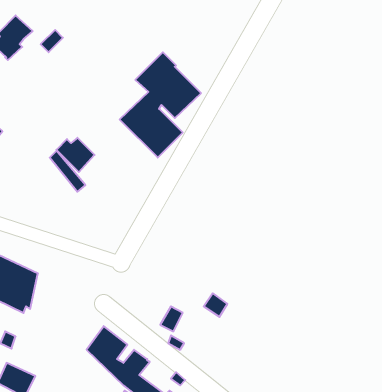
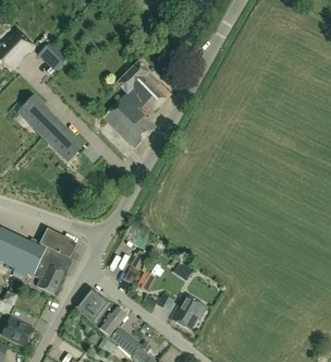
building: none -> [19,96,47,129]
building: none -> [28,229,76,294]
building: none -> [170,293,206,328]

